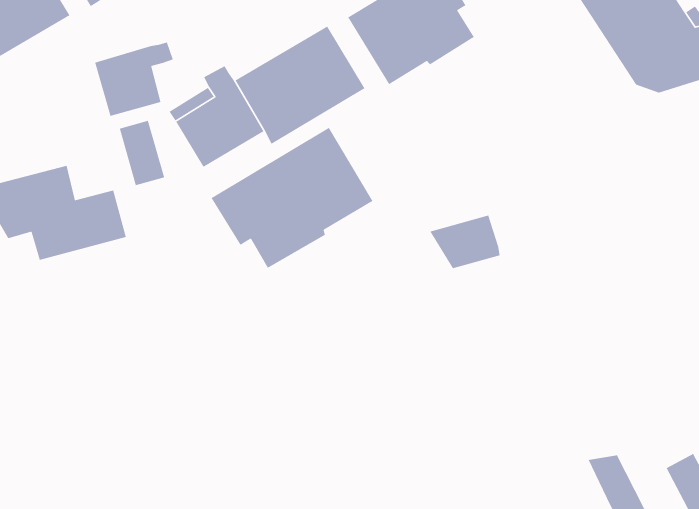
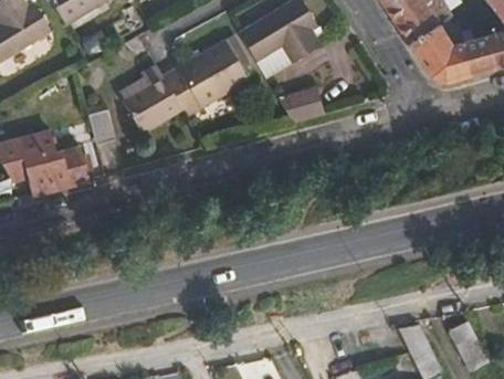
building: [94,41,174,117] -> none
building: [211,127,373,269] -> none
building: [429,214,500,269] -> [277,87,325,124]

